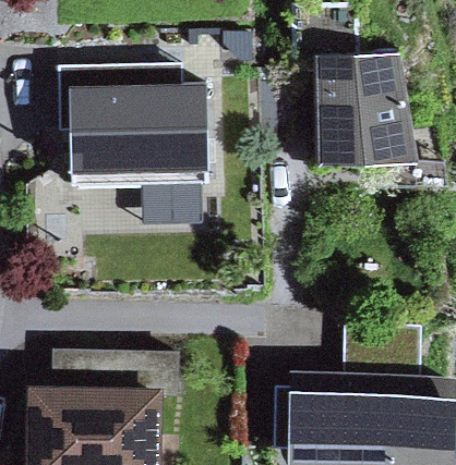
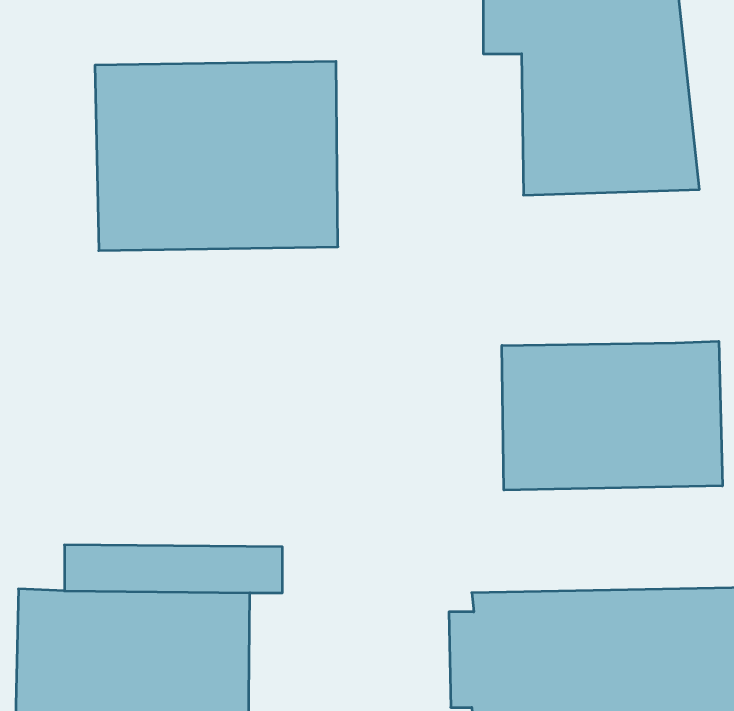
building: none -> [502,341,722,490]

